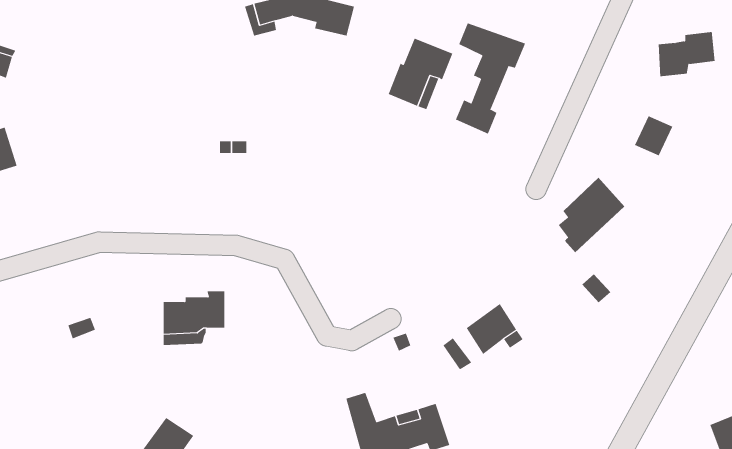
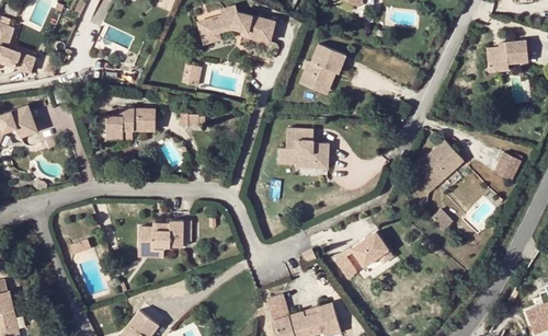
building: [455,22,526,134] -> none
building: [634,115,673,156] -> [495,152,523,181]
building: none -> [106,109,156,140]
building: none -> [278,127,328,166]

